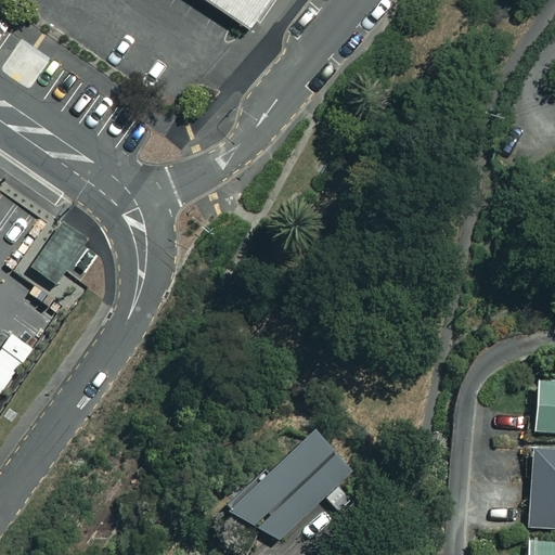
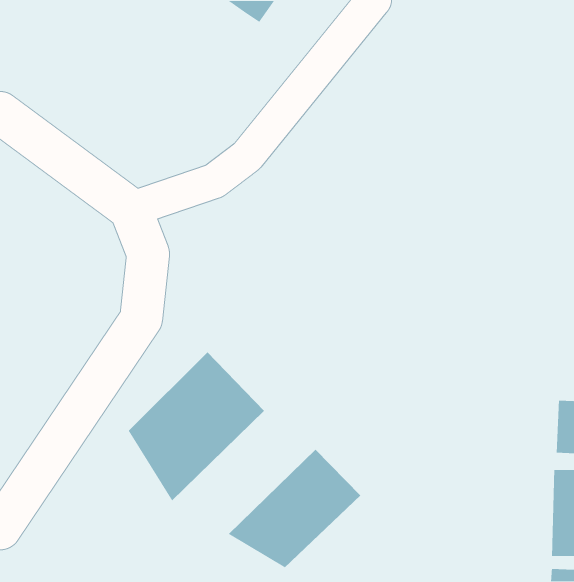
building: none -> [128,351,265,502]

